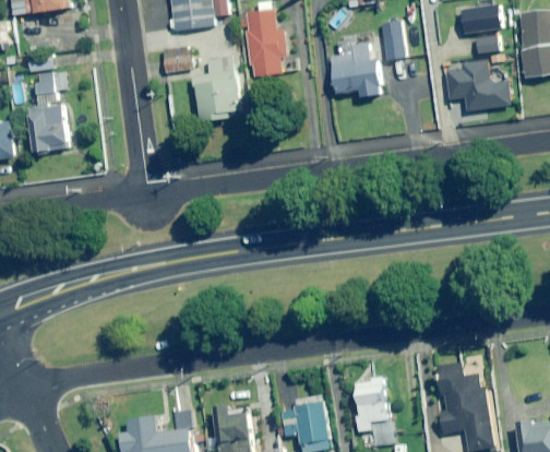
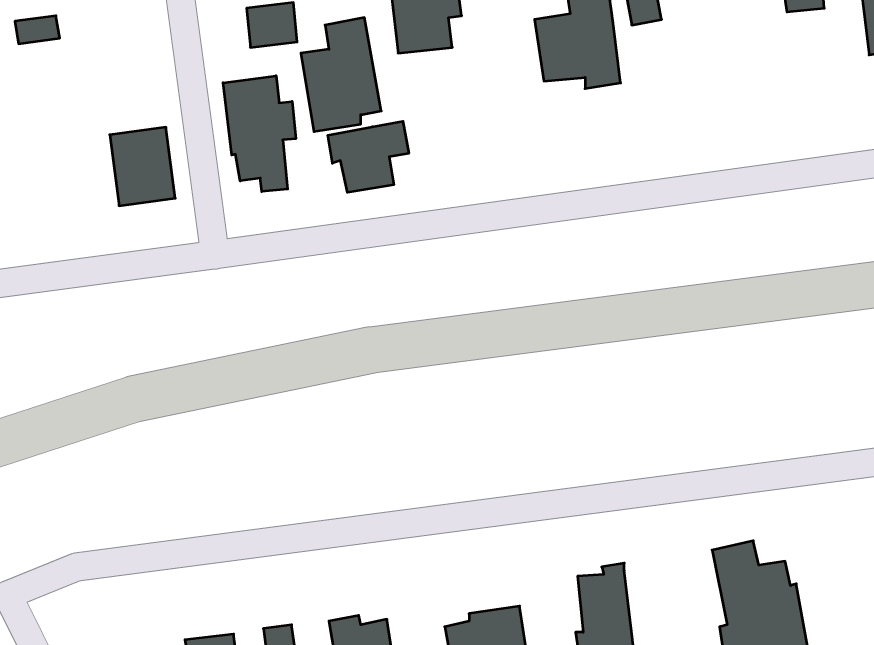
building: [445,60,511,110] -> none
building: [35,72,65,93] -> none
building: none -> [223,76,296,192]
building: [28,106,67,152] -> [110,127,175,206]
building: none -> [328,121,409,192]

